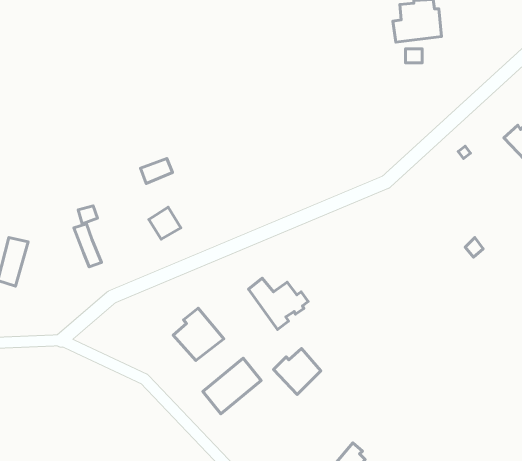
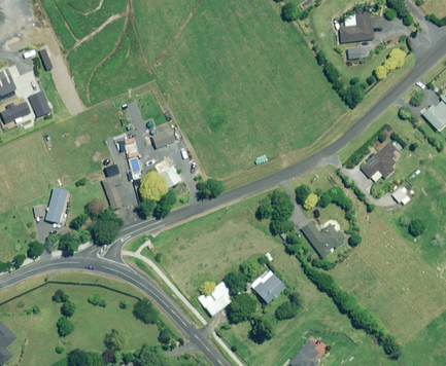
building: none -> [359,140,397,181]
building: [248,278,308,329] -> [301,220,345,258]
building: [173,308,224,361] -> none

